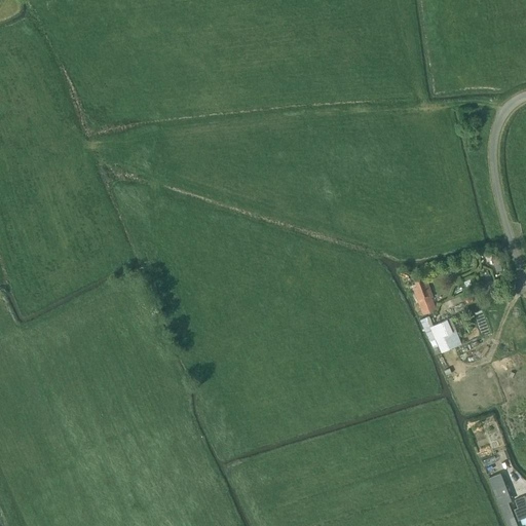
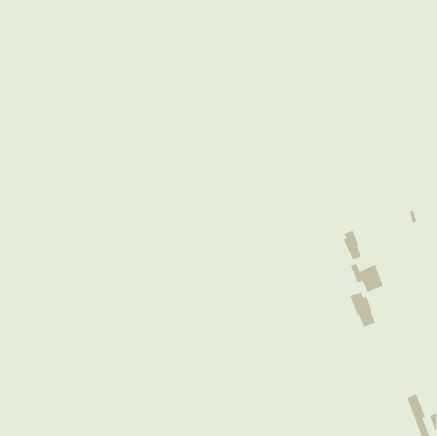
building: none -> [349,292,376,328]

